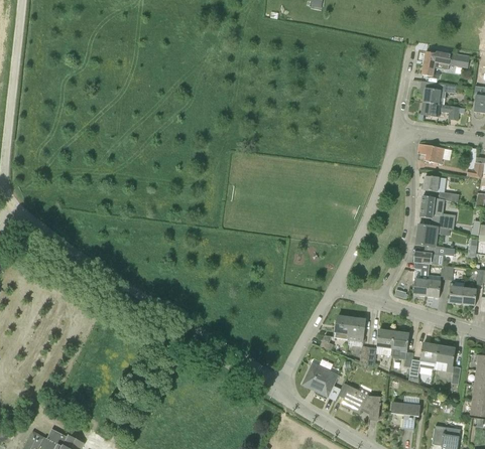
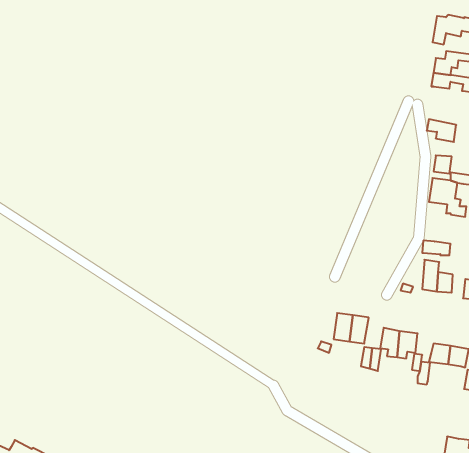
building: [416,224,440,254] -> none
building: [304,362,338,397] -> none
building: [338,383,381,420] -> none
building: [391,402,420,429] -> none

